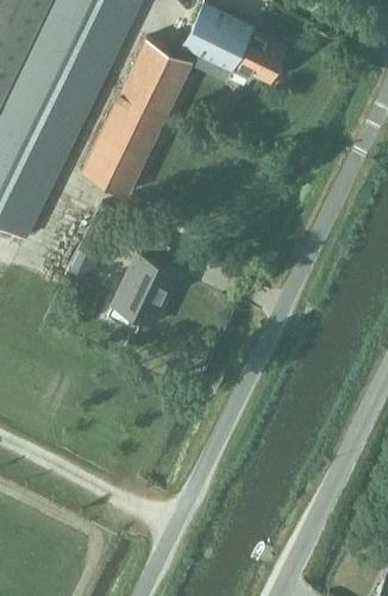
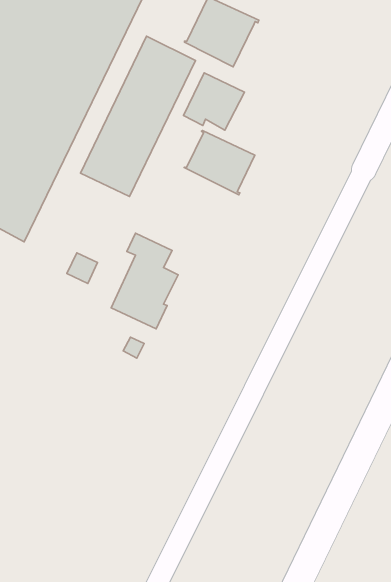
building: [229,29,288,84] -> [183,73,245,130]
building: none -> [184,131,255,195]

